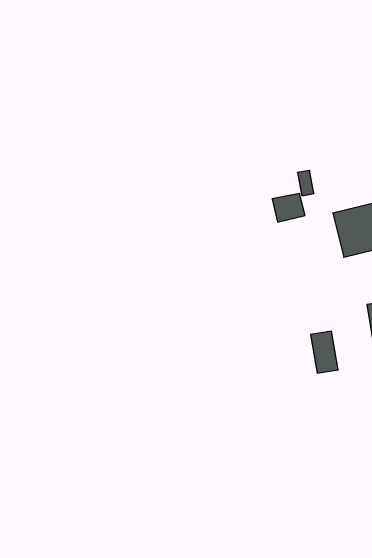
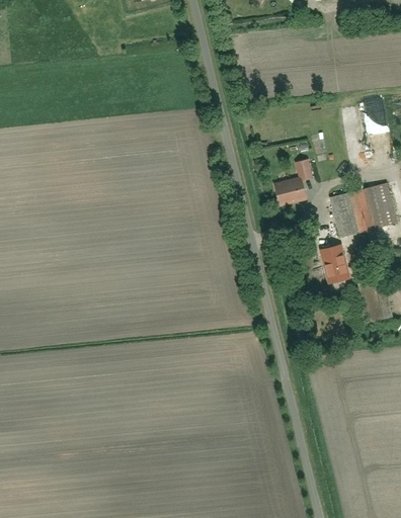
building: [311,331,338,373] -> [322,245,347,283]

